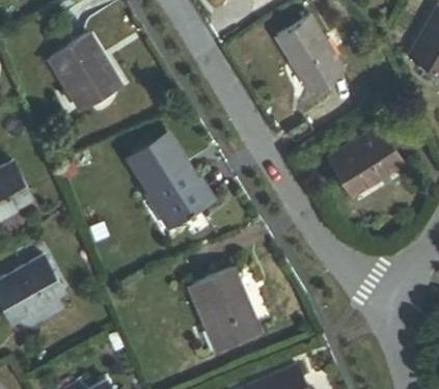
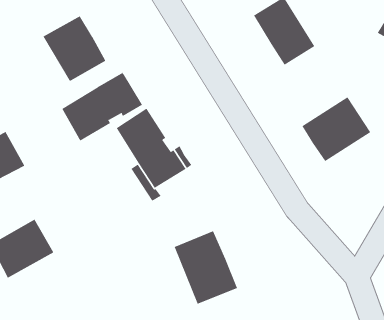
building: none -> [61,72,143,141]

